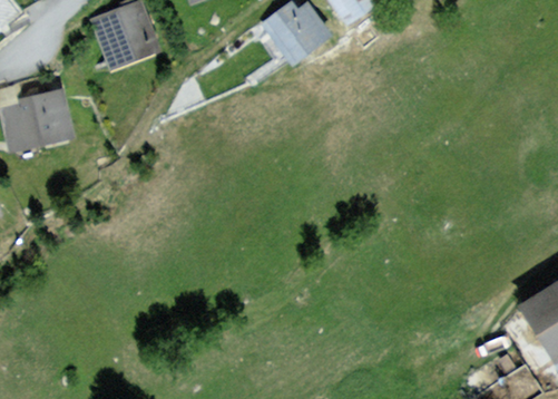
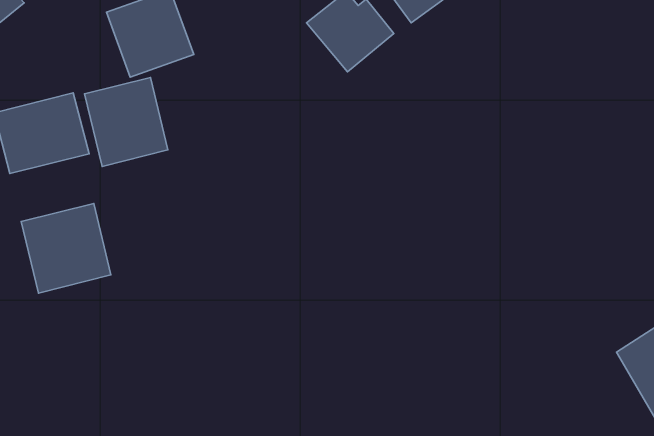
building: none -> [85,77,168,166]
building: none -> [21,203,111,293]

